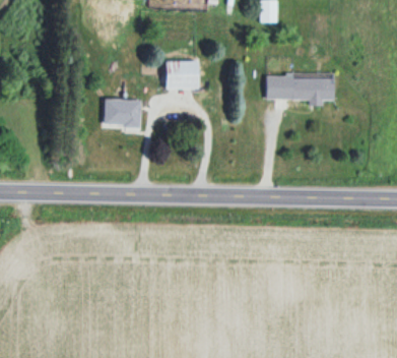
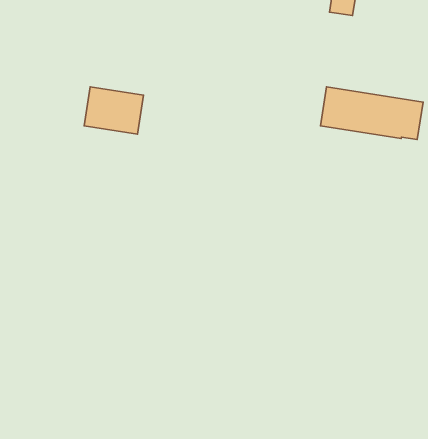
building: [166,60,199,88] -> none

